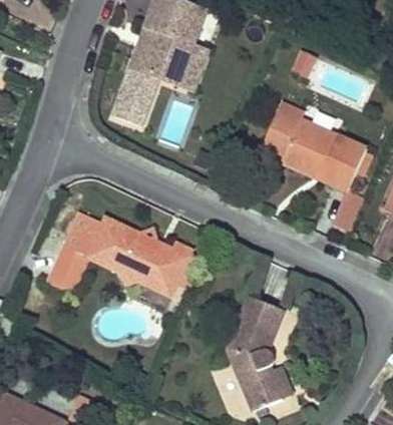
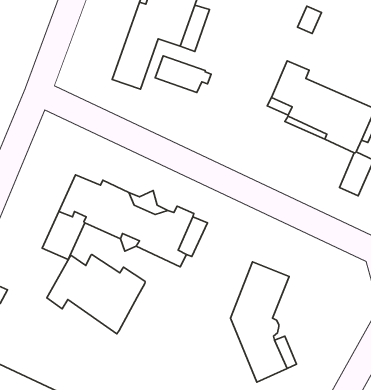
building: none -> [155,56,211,93]
building: none -> [47,254,145,334]

